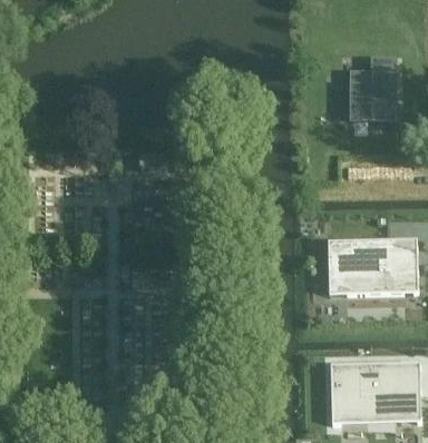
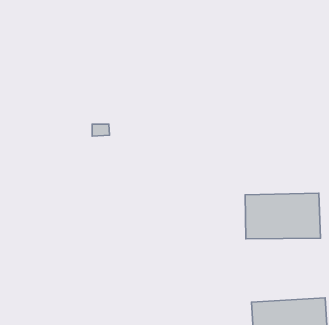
building: [349,58,393,119] -> none

